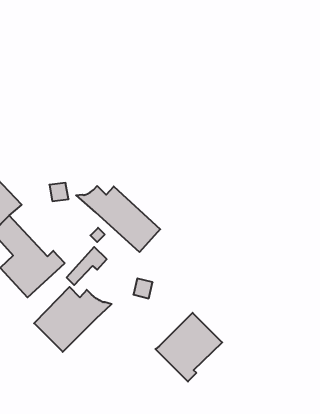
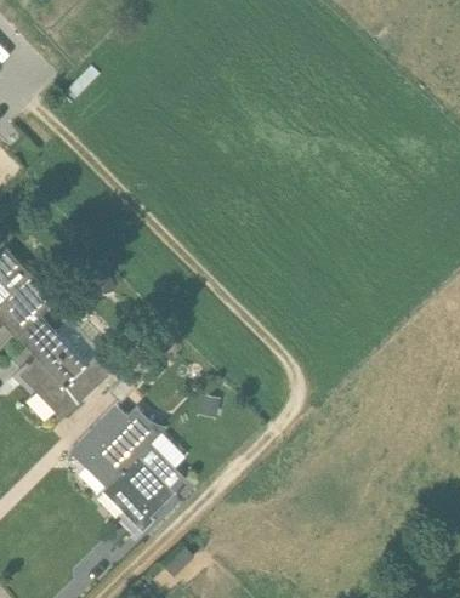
building: [76,186,160,252] -> none
building: [155,313,222,382] -> [101,445,186,532]

